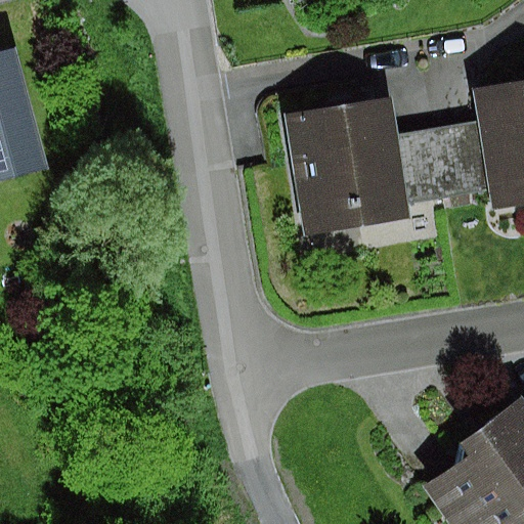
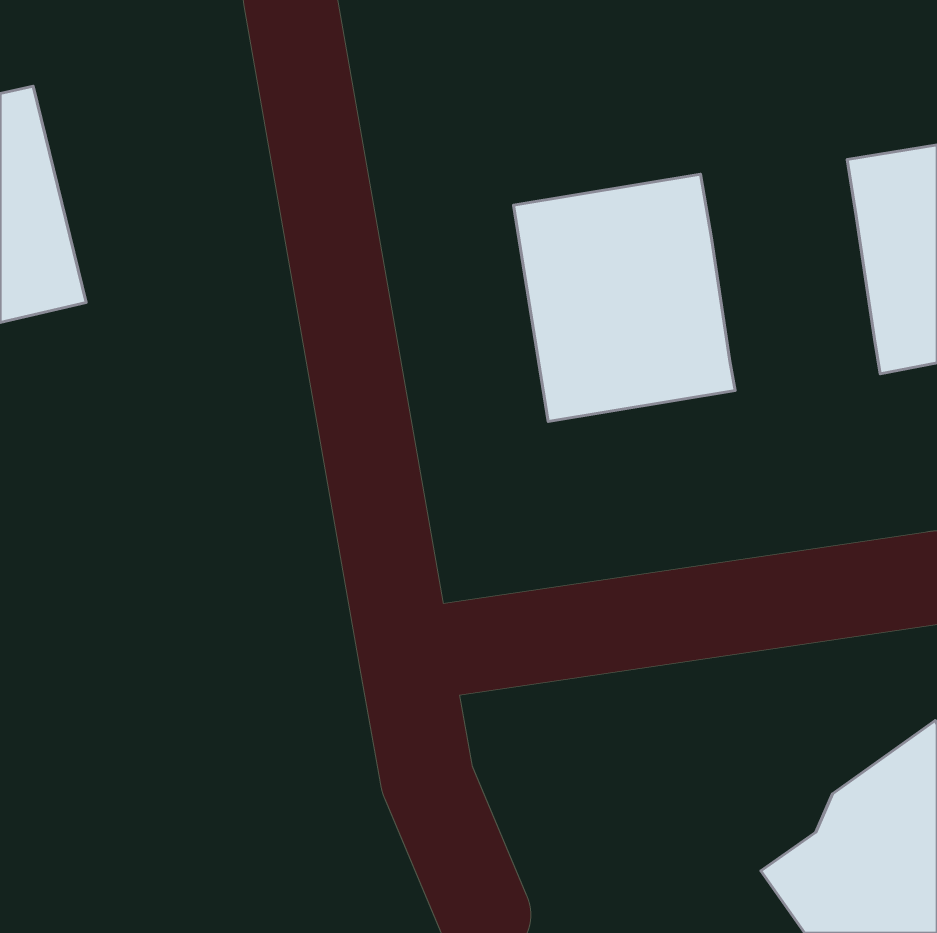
building: [397,121,488,202] -> none

